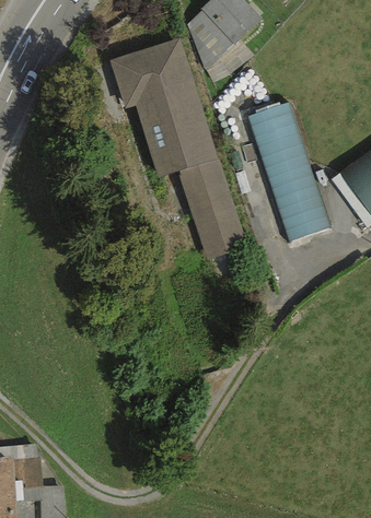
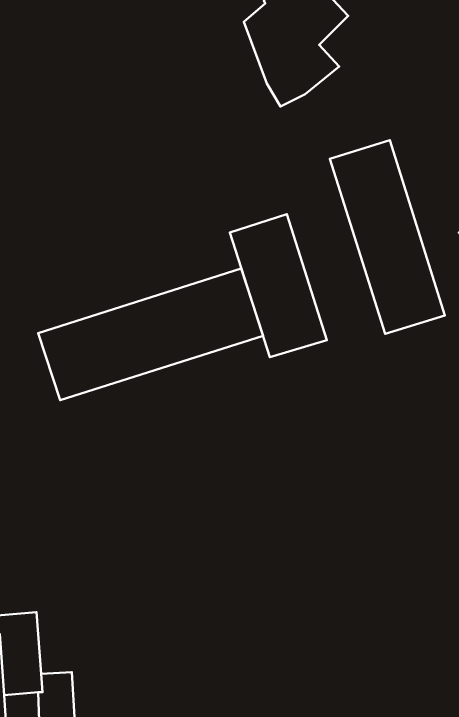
building: [109,38,218,178] -> none
building: none -> [38,269,263,400]

